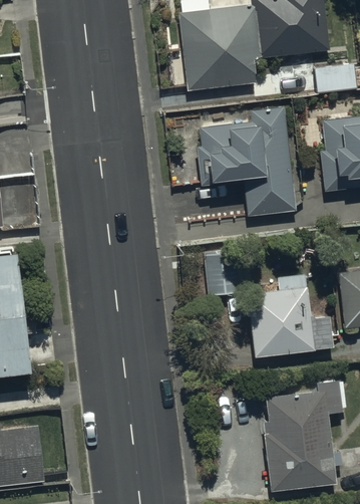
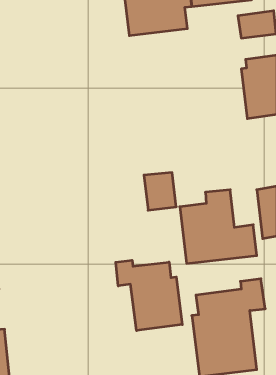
building: [195,98,296,209] -> none
building: none -> [116,260,182,331]

